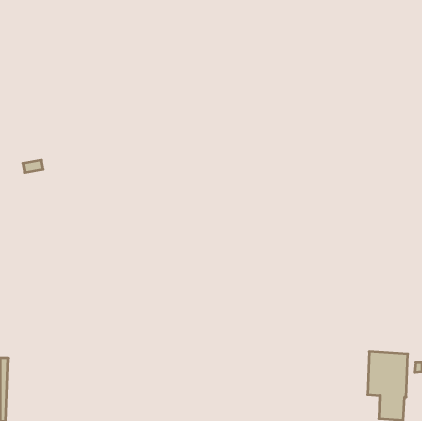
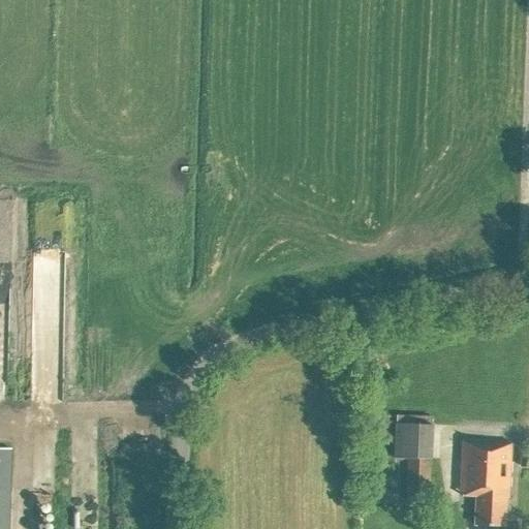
building: none -> [394,423,432,499]

